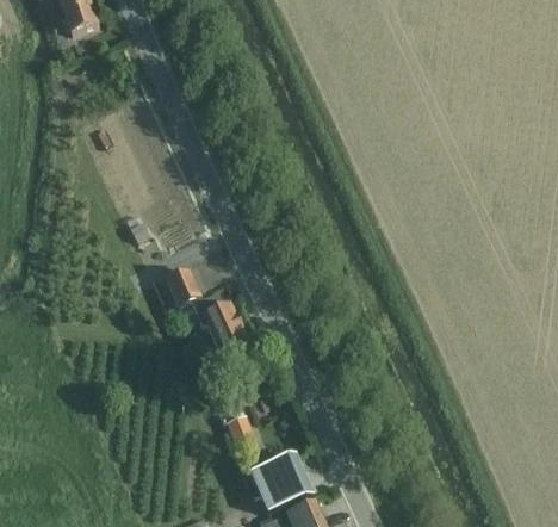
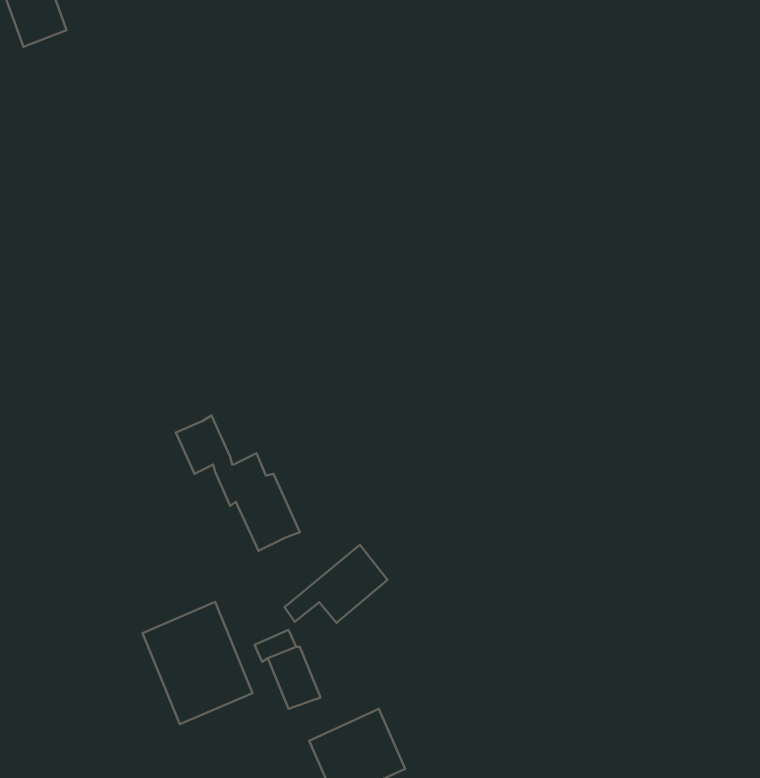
building: none -> [284,545,387,623]
building: none -> [143,602,252,724]

